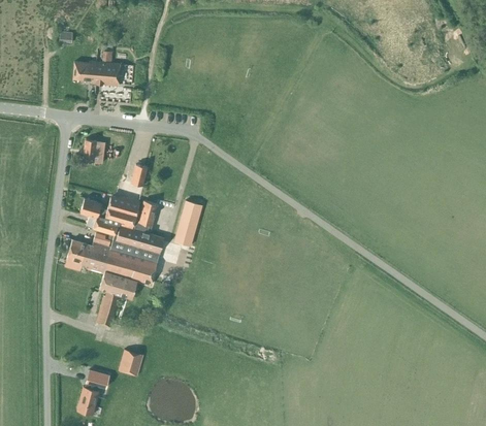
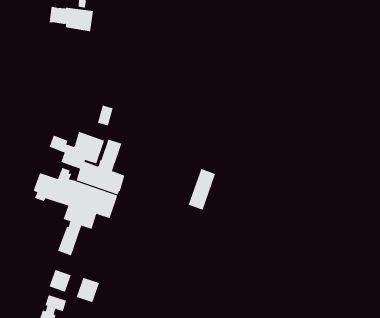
building: [83,139,105,163] -> none
building: [174,200,202,245] -> [188,168,216,211]
building: none -> [49,269,72,293]

